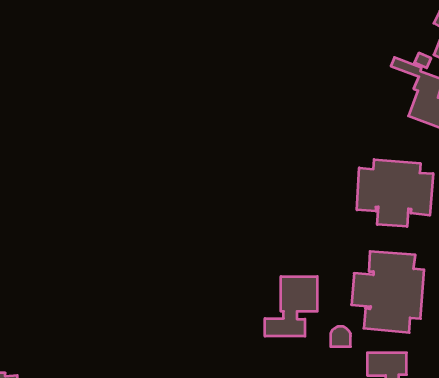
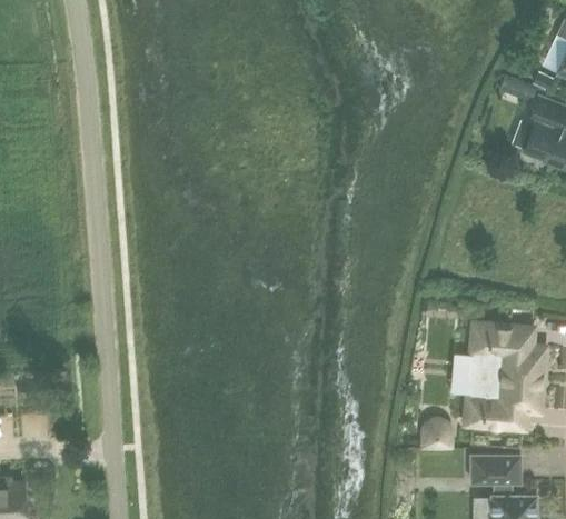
building: [357,159,433,227] -> none
building: [265,276,317,336] -> none

